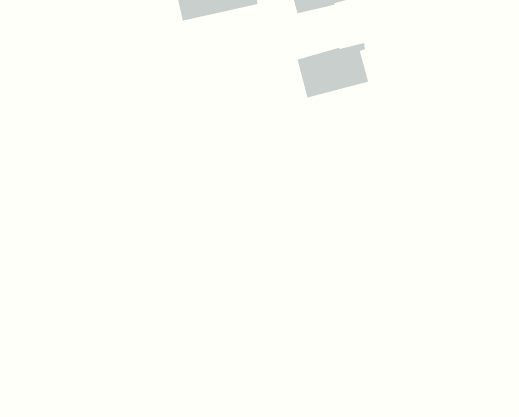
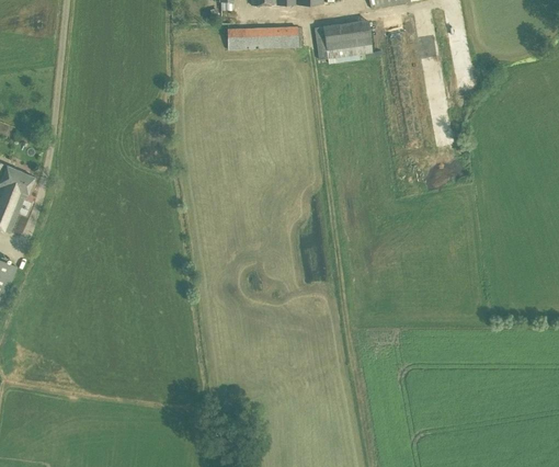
building: [297,42,369,98] -> none

